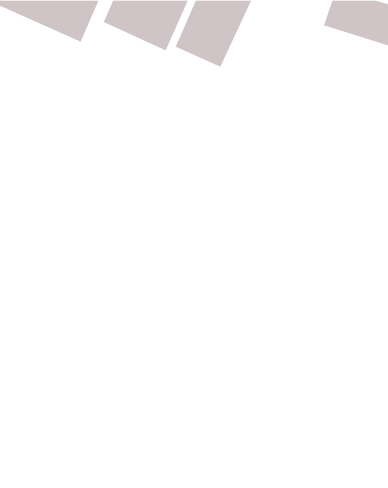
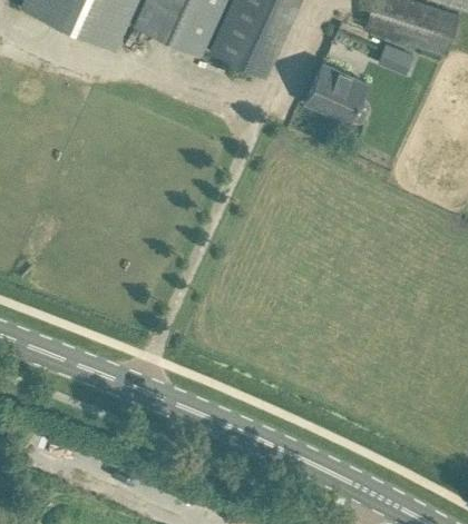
building: none -> [377,43,412,75]
building: none -> [305,61,365,121]

